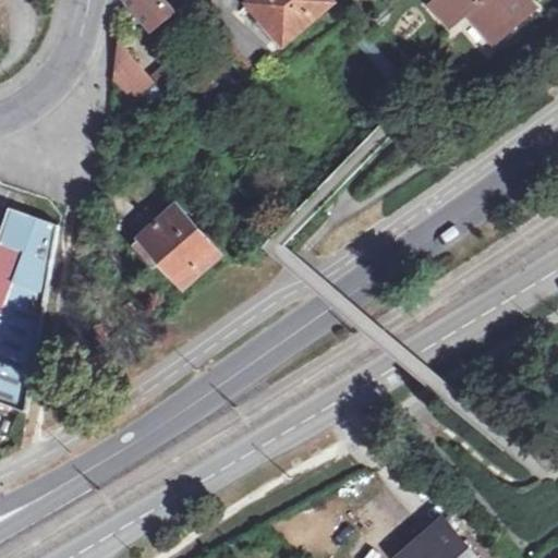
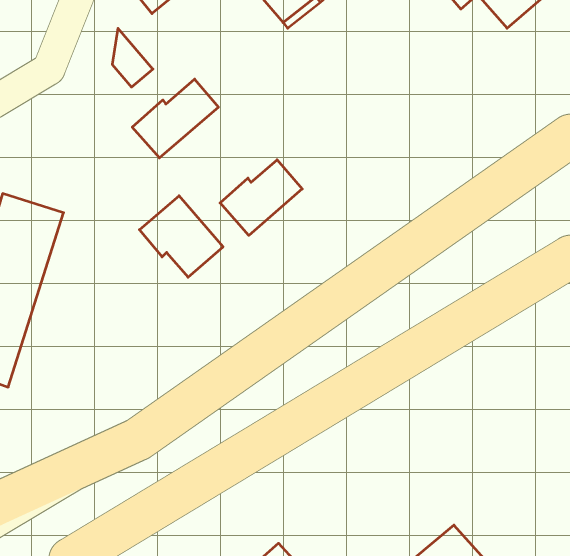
building: none -> [132,79,218,158]
building: none -> [220,160,302,235]

